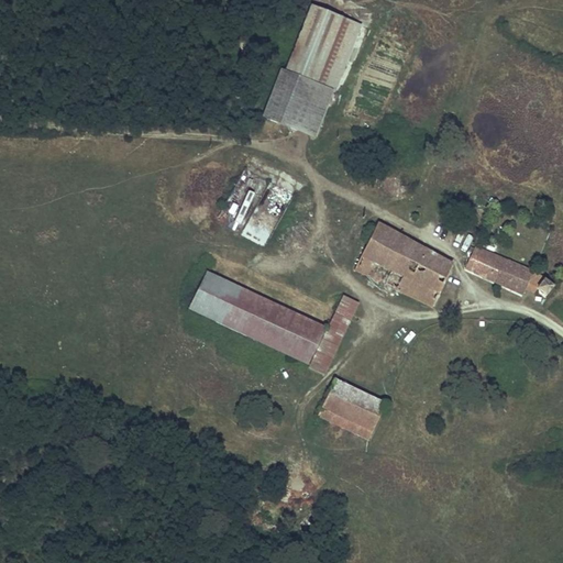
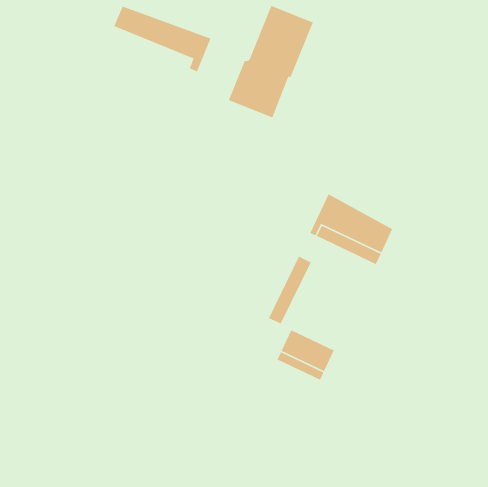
building: none -> [113,5,211,72]
building: [466,246,554,294] -> none
building: [189,268,327,364] -> none

